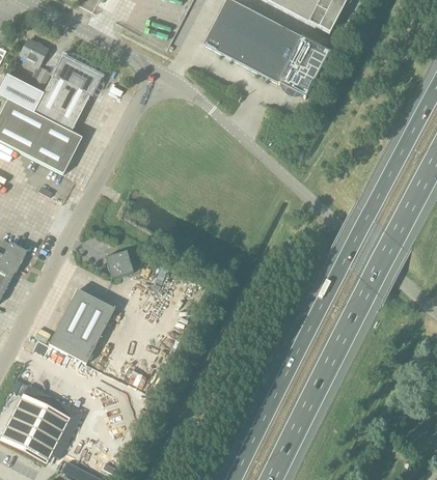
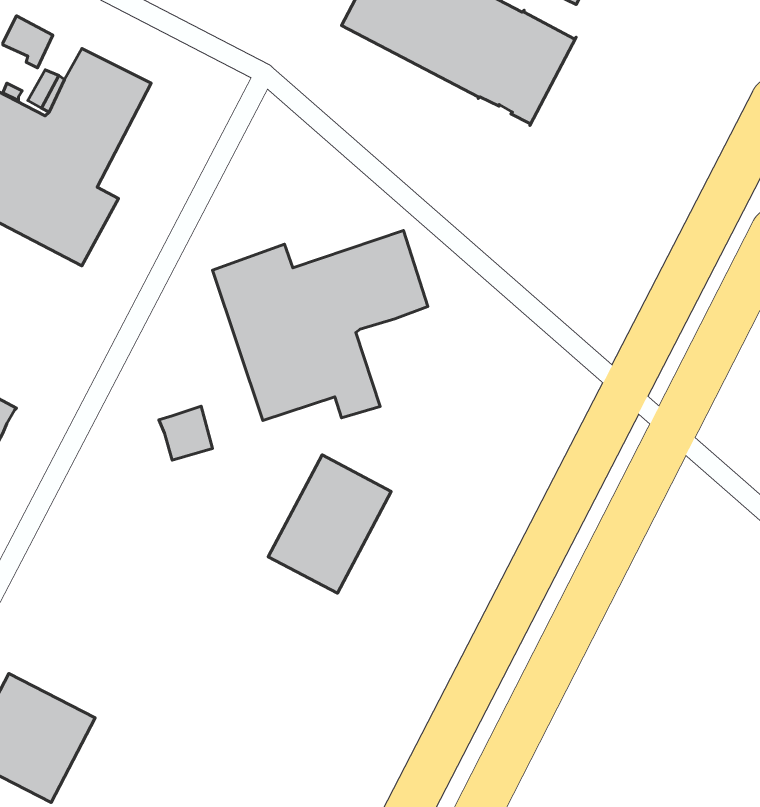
building: none -> [212,231,428,420]
building: [48,288,114,363] -> [268,455,391,593]

